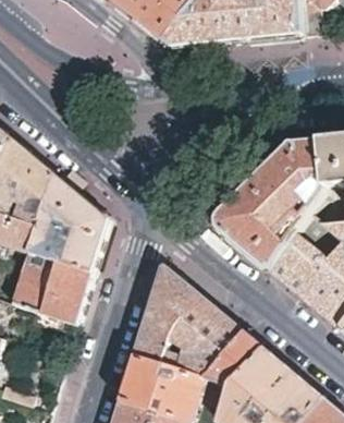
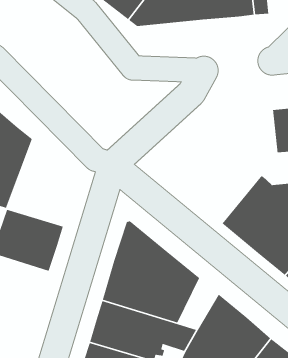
building: [216,137,329,265] -> none
building: [25,170,107,268] -> none
building: [217,326,262,384] -> none

